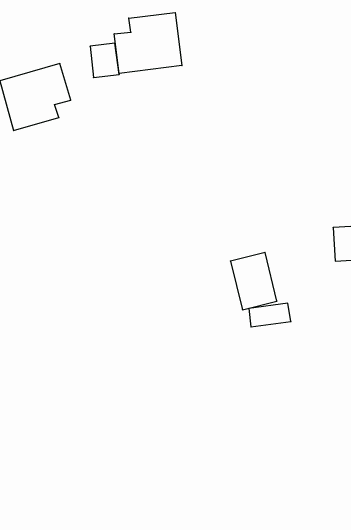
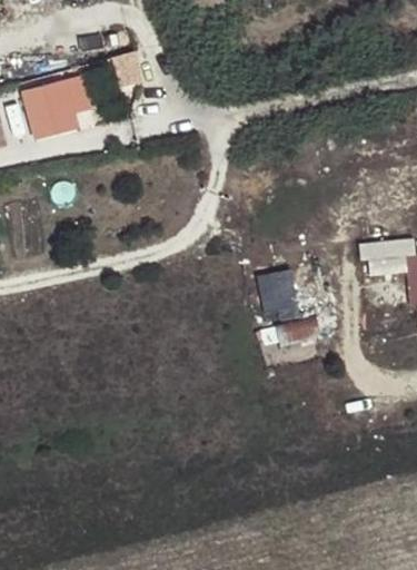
building: [114,13,182,74] -> none

